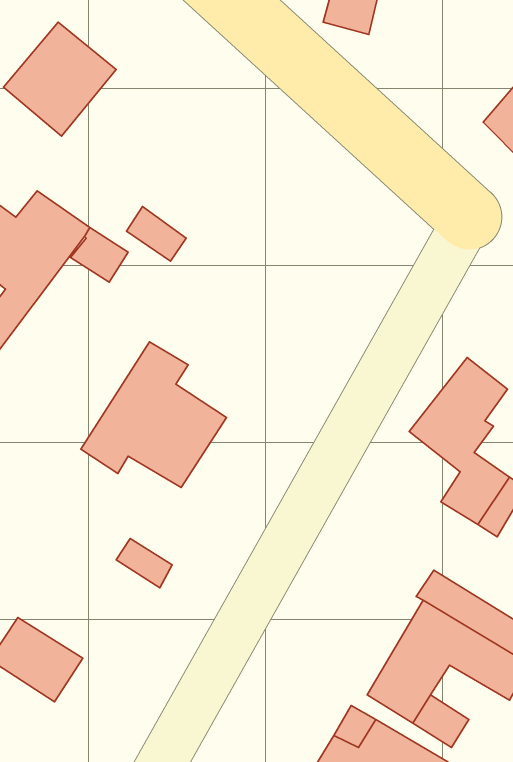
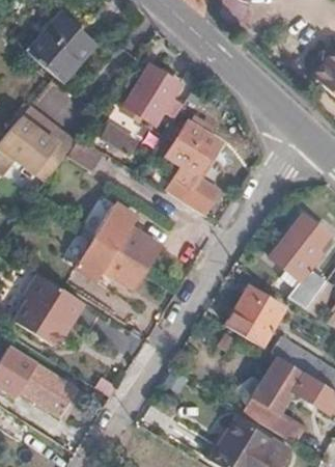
building: none -> [122,64,183,126]
building: none -> [152,118,220,215]
building: none -> [32,283,80,354]
building: none -> [225,292,285,347]

